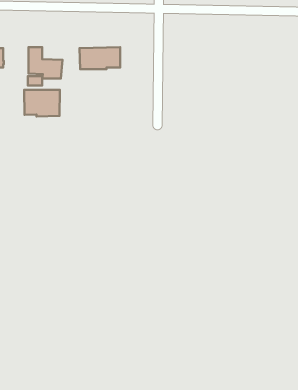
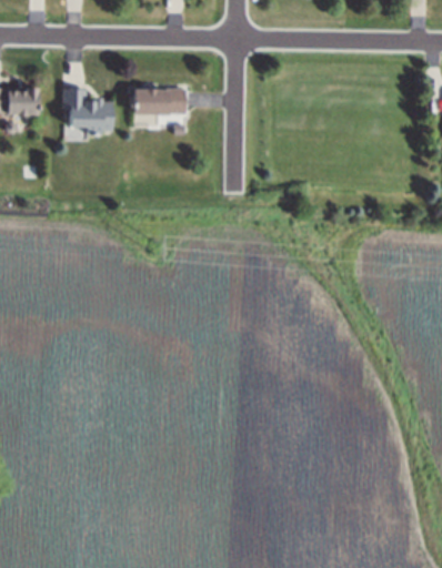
building: [24,90,60,117] -> none

